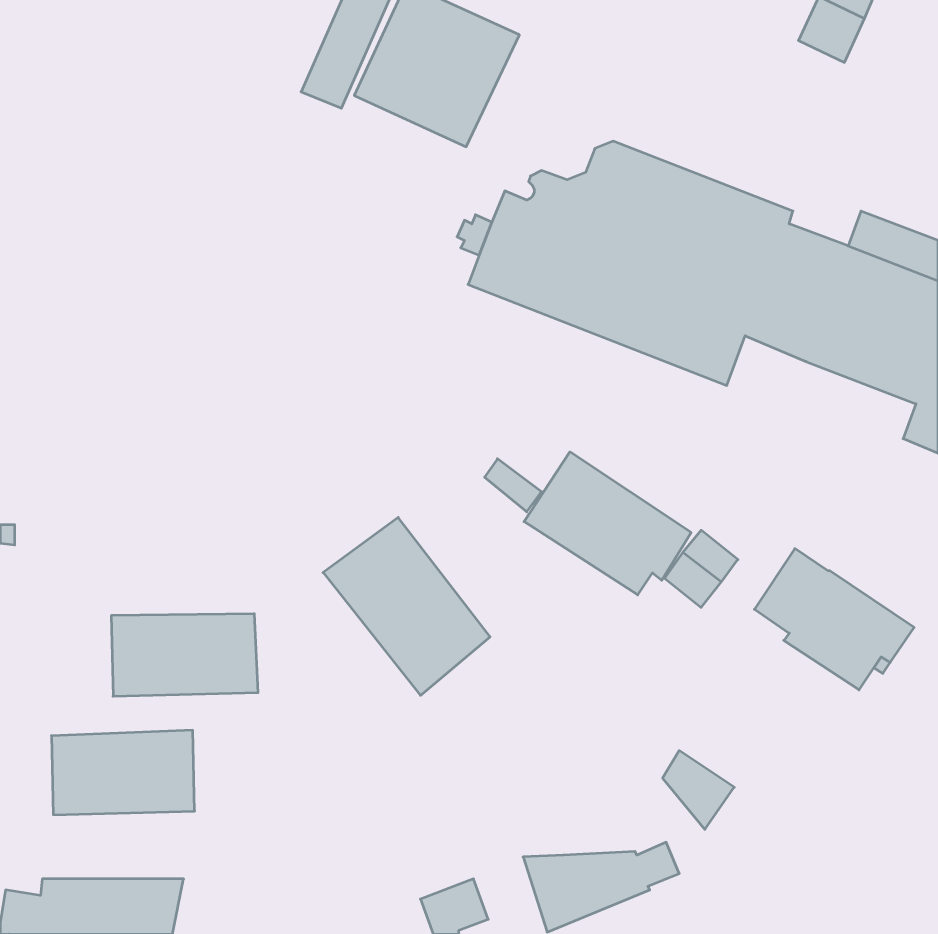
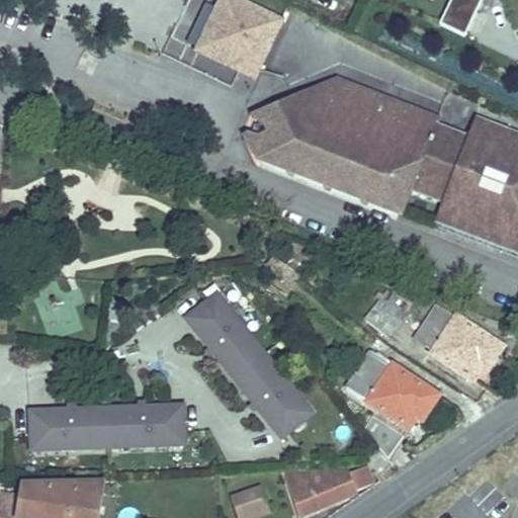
building: none -> [437,199,505,242]
building: [524,452,691,595] -> [347,349,439,428]
building: [111,614,258,696] -> [106,402,187,447]
building: none -> [232,351,316,438]

